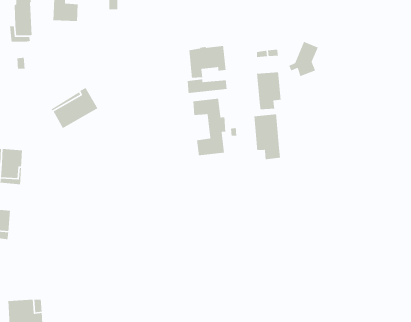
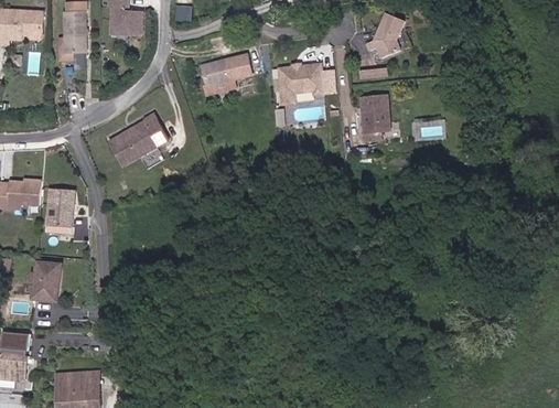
building: none -> [201,54,250,94]
building: [288,41,319,77] -> [365,13,402,57]
building: [192,98,226,156] -> none
building: [253,113,281,160] -> none

